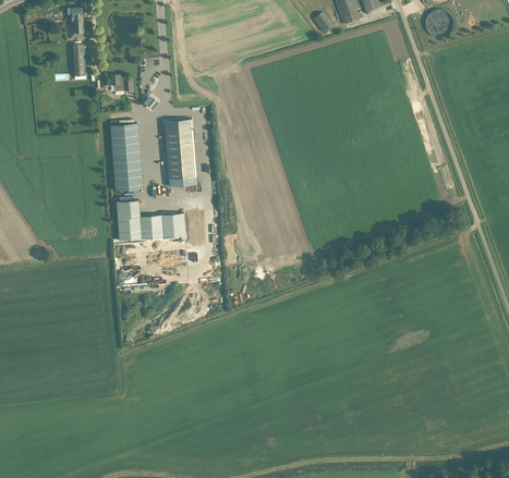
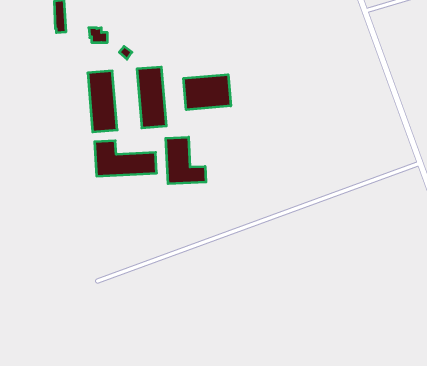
building: none -> [184,75,231,110]
building: none -> [166,137,206,184]

